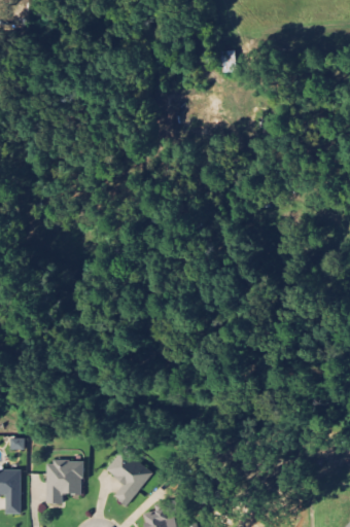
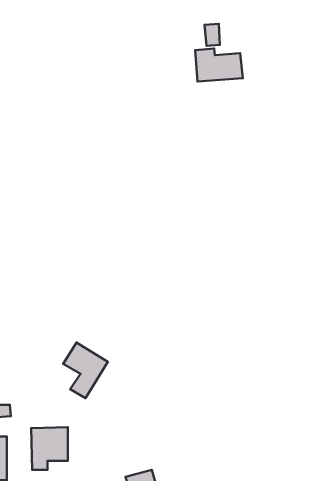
building: none -> [195,48,243,81]
building: [105,450,150,506] -> [63,343,108,398]

